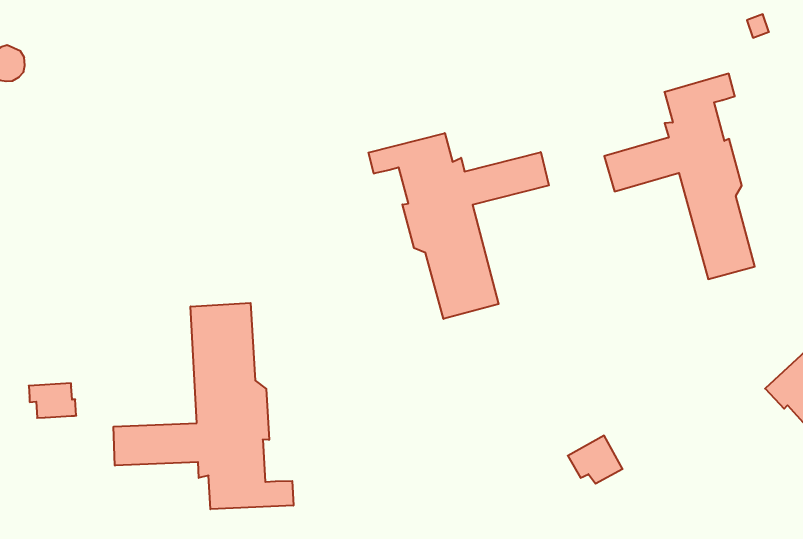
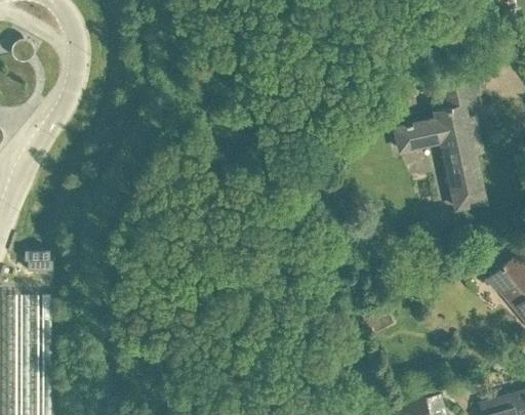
building: [368,133,549,319] -> none
building: [114,303,293,509] -> none

